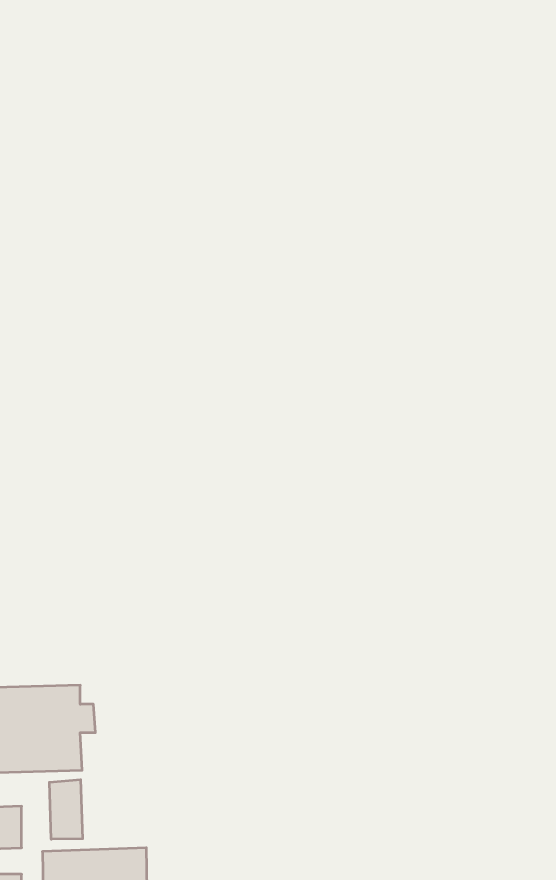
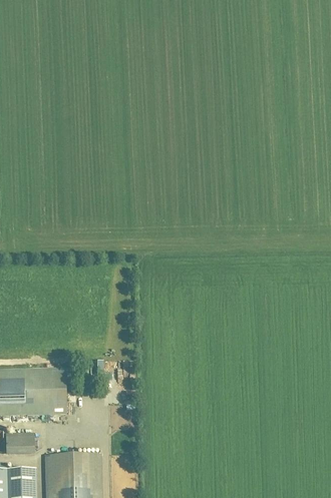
building: [49,780,83,839] -> none

